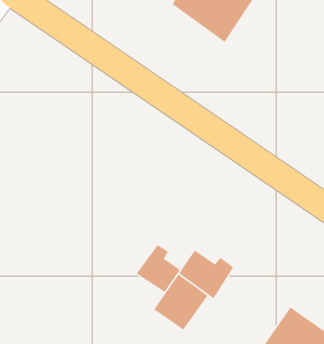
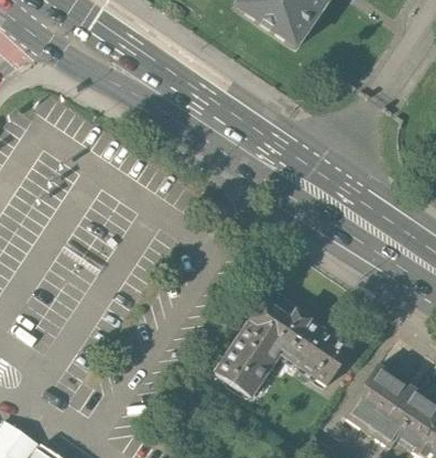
building: [136,244,181,293] -> none
building: none -> [287,320,352,386]

